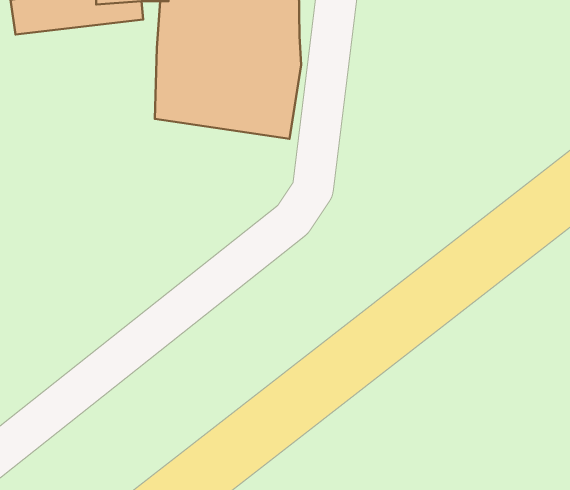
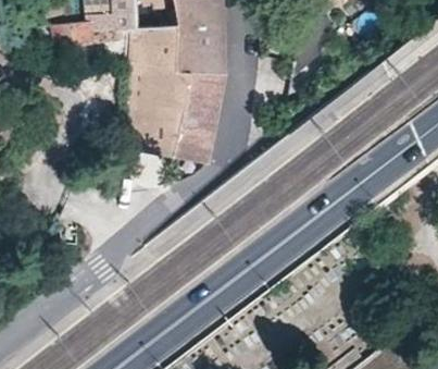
building: none -> [127,106,216,165]

